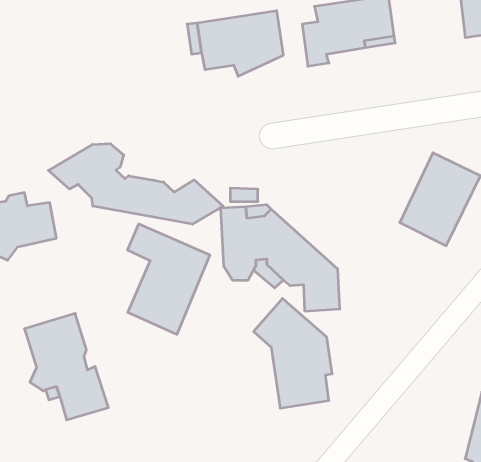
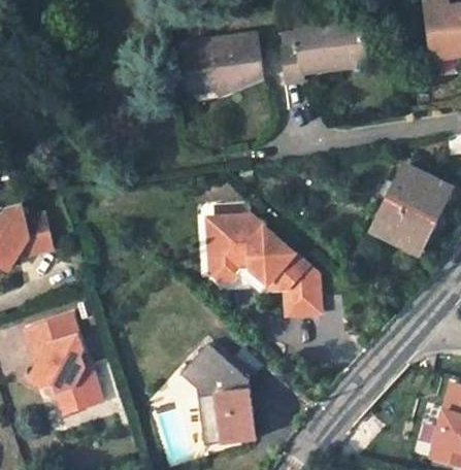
building: [48,144,223,224] -> none
building: [128,224,210,334] -> none
building: [254,298,332,408] -> [179,344,253,446]

